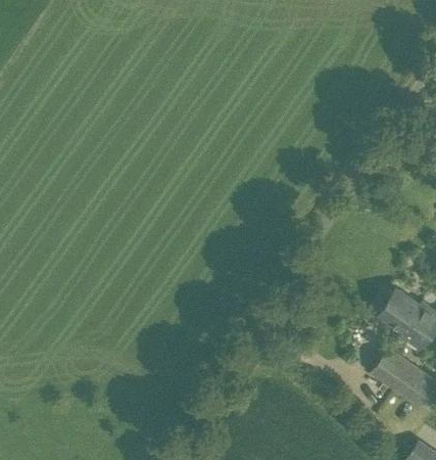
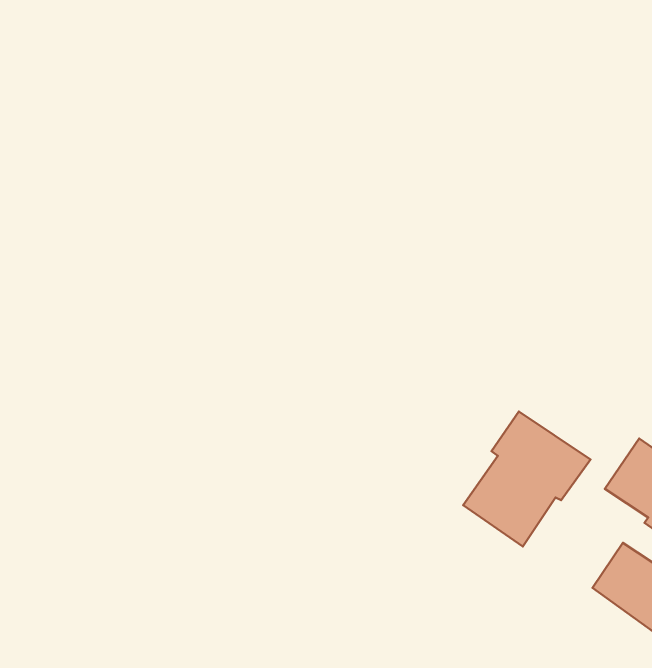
building: none -> [463,411,590,546]

